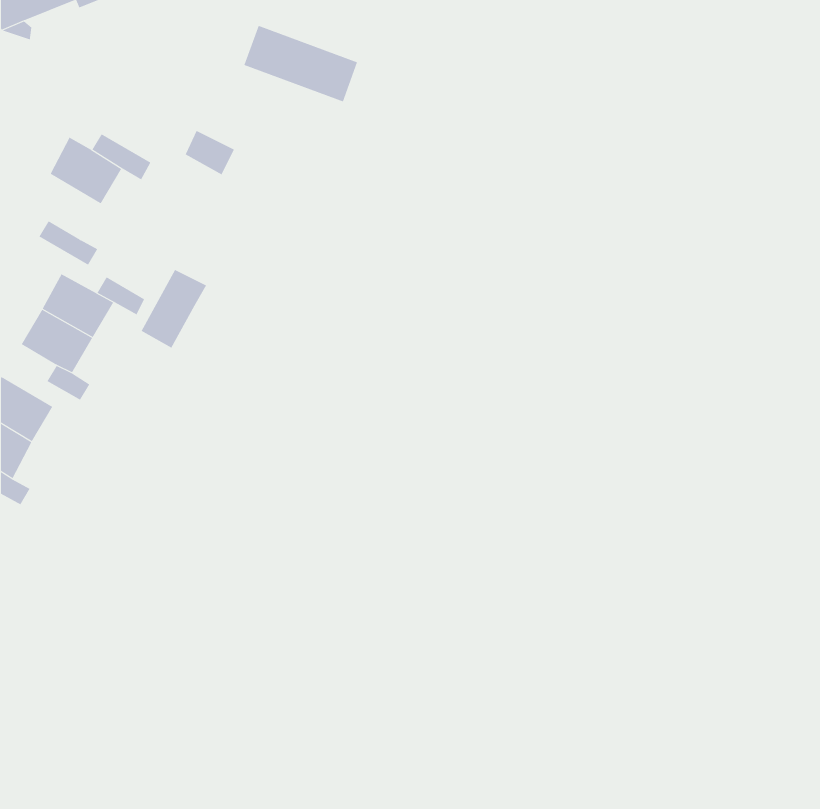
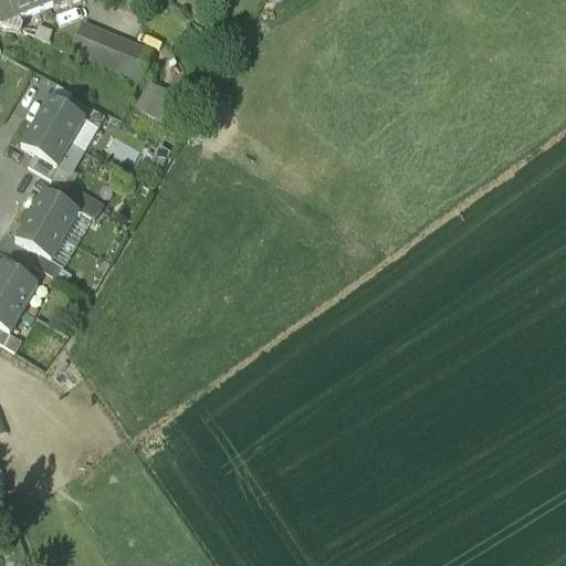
building: [244,25,358,102] -> [74,20,153,73]
building: none -> [21,119,71,165]
building: [141,269,207,348] -> none

